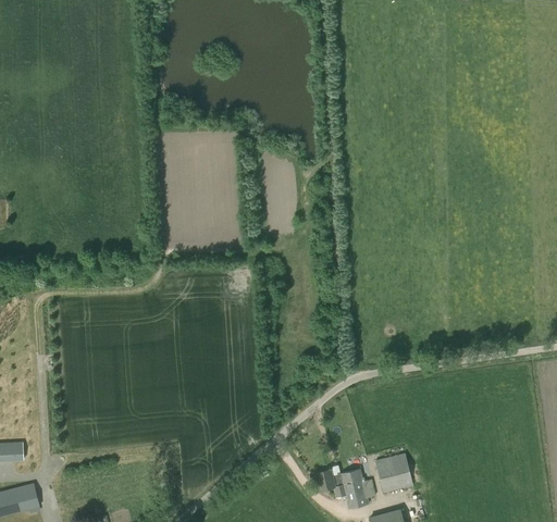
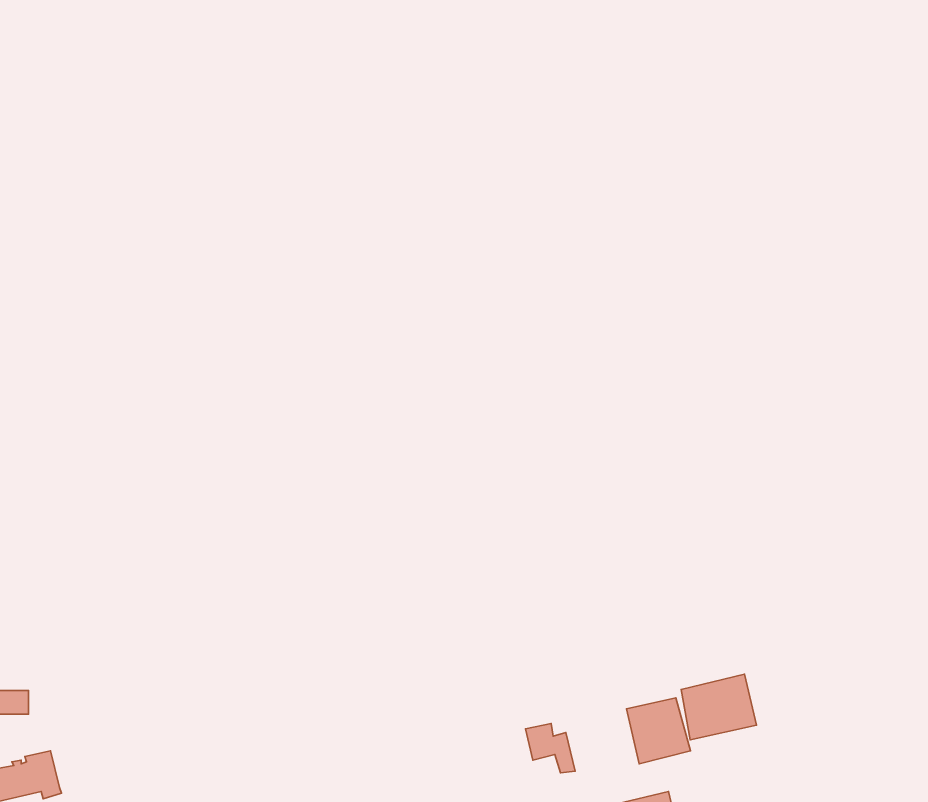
building: none -> [681,674,756,740]
building: [341,468,375,508] -> none

